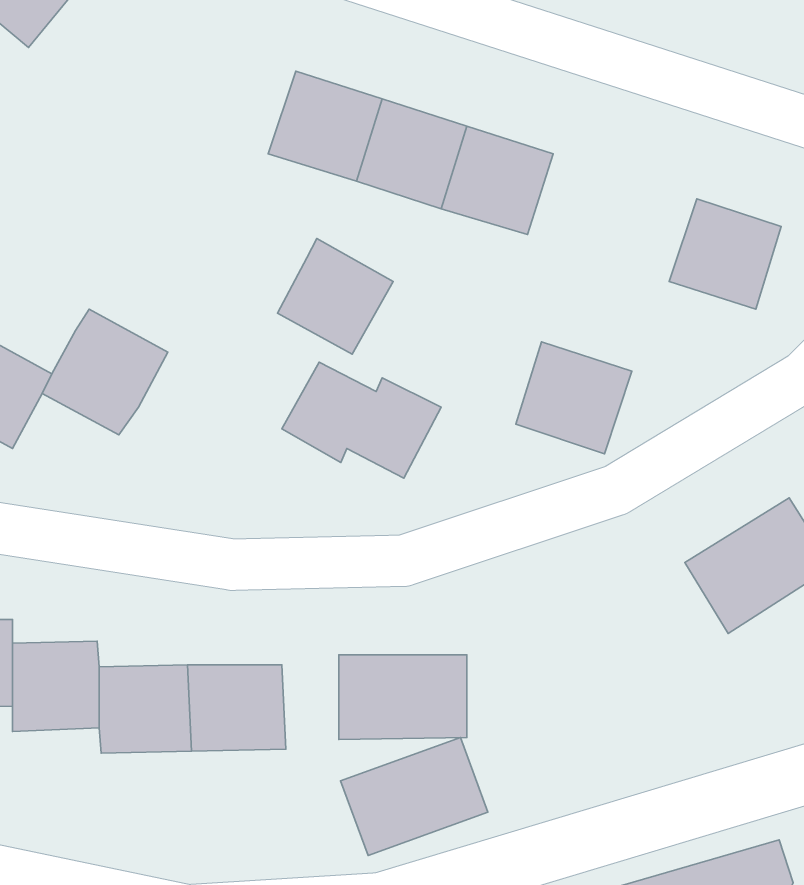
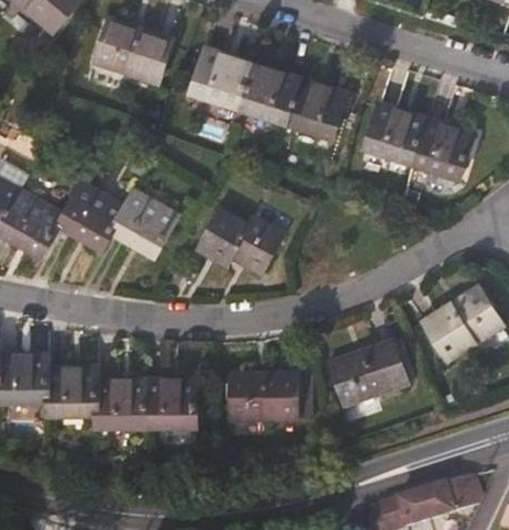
building: none -> [90,16,175,85]
building: [277,238,393,354] -> [114,192,179,257]
building: [516,342,632,454] -> [362,101,427,164]
building: [340,738,488,856] -> [325,340,408,406]

